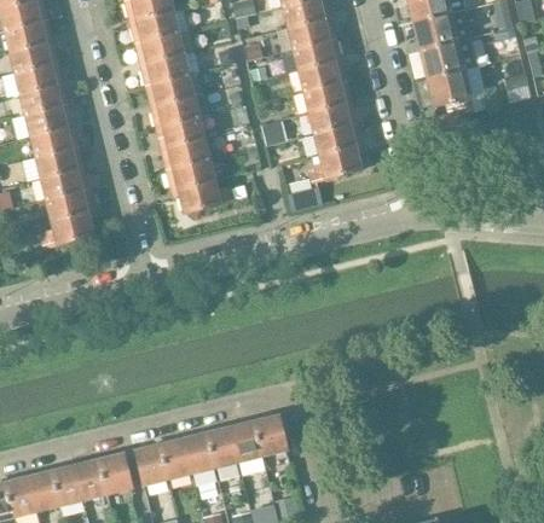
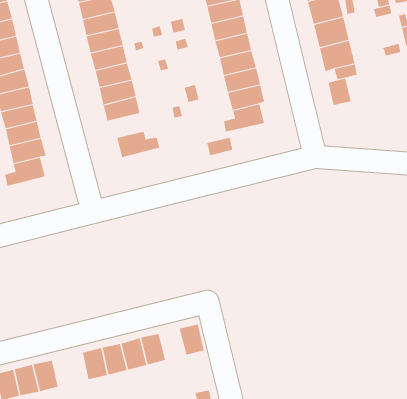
building: [166,158,212,191] -> none
building: [230,422,262,460] -> none
building: [99,454,131,493] -> none

